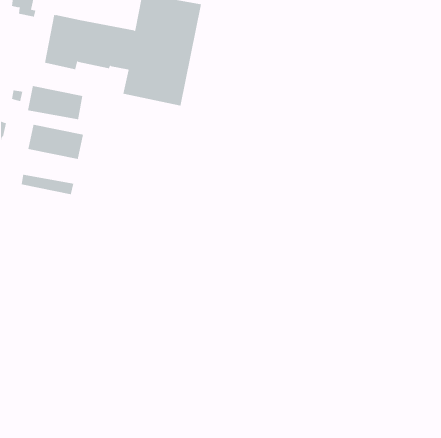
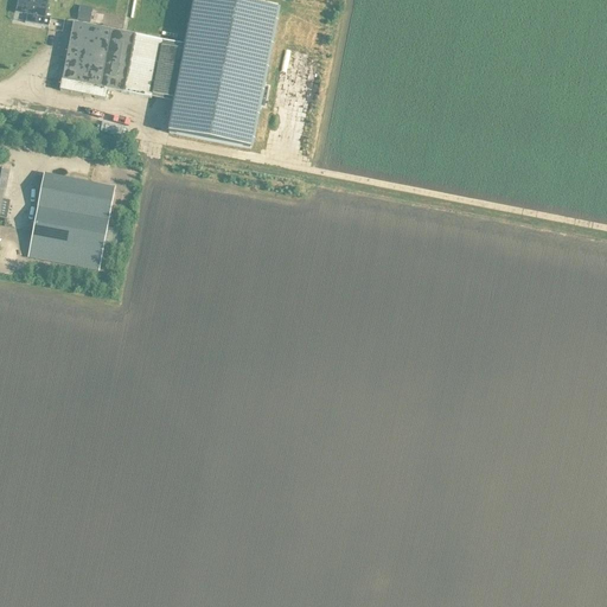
building: [27,85,83,120] -> [31,205,108,253]

